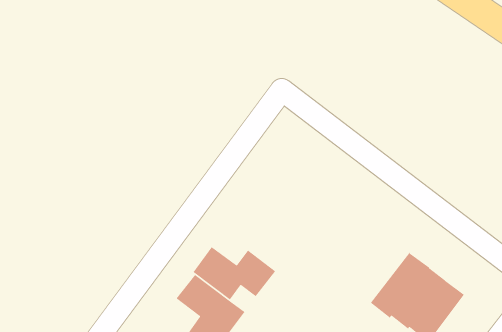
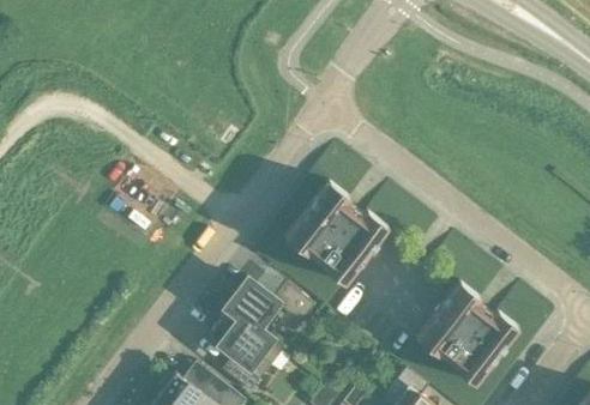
building: none -> [283,180,386,283]

